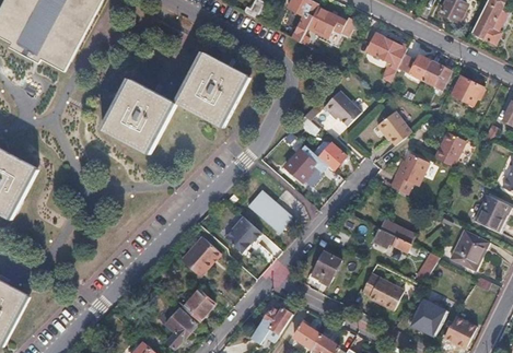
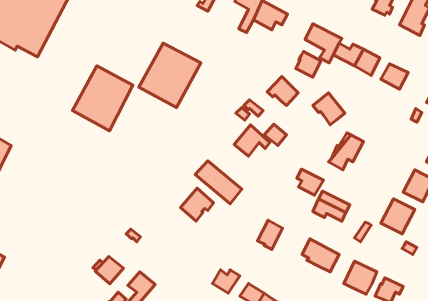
building: none -> [296,51,321,77]
building: [434,132,467,167] -> none
building: none -> [297,169,323,195]
building: [182,237,221,275] -> none
building: [184,291,215,321] -> [95,257,123,284]

